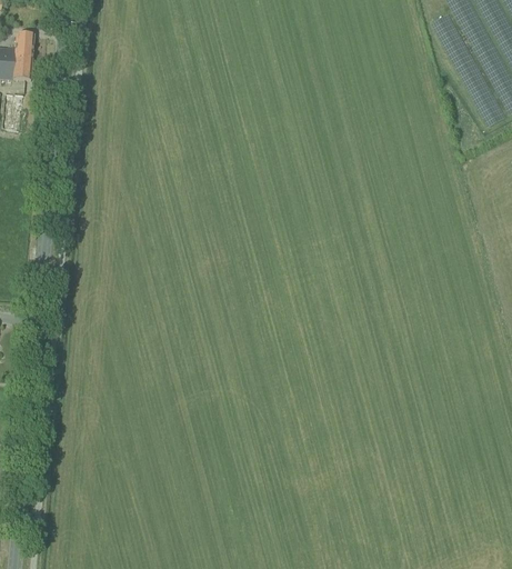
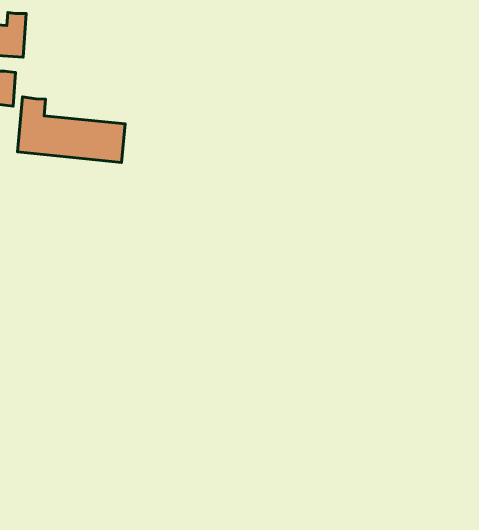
building: none -> [17,97,125,162]

